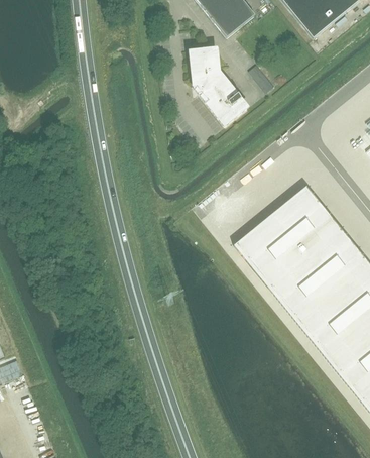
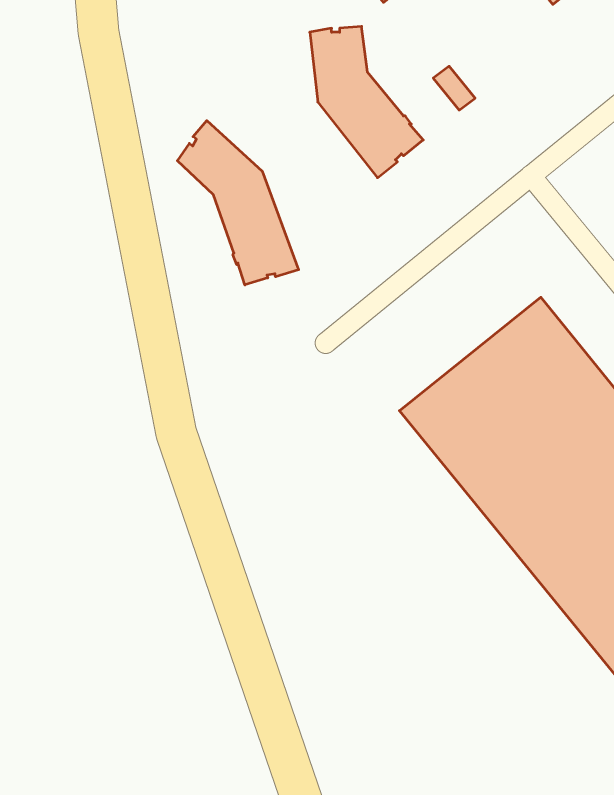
building: none -> [177,121,299,285]

